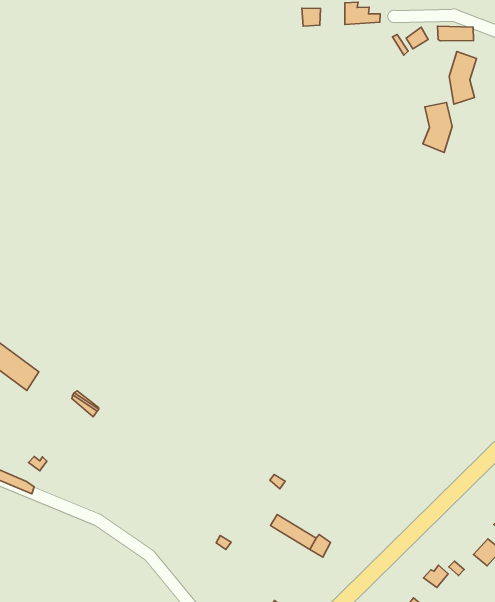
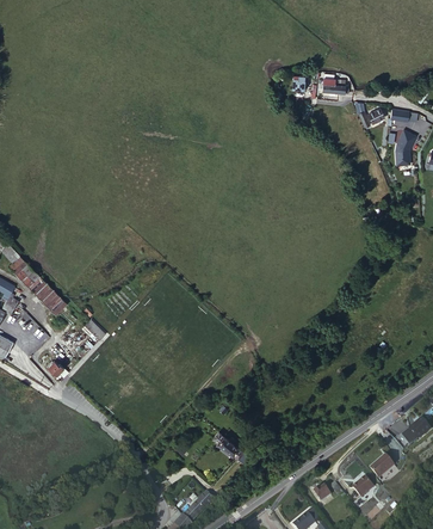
building: [423,102,452,153] -> none

